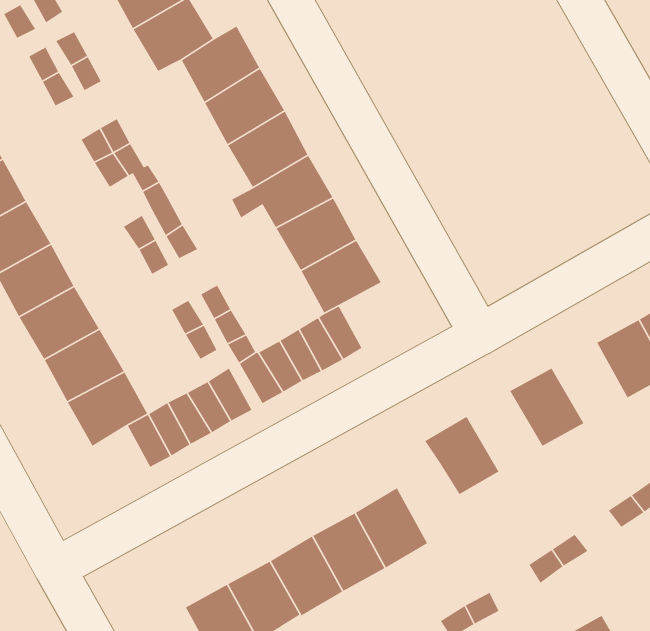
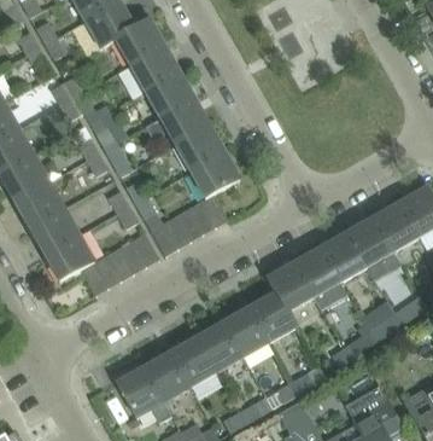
building: none -> [346,216,393,267]
building: none -> [293,246,347,311]
building: none -> [250,292,297,342]

